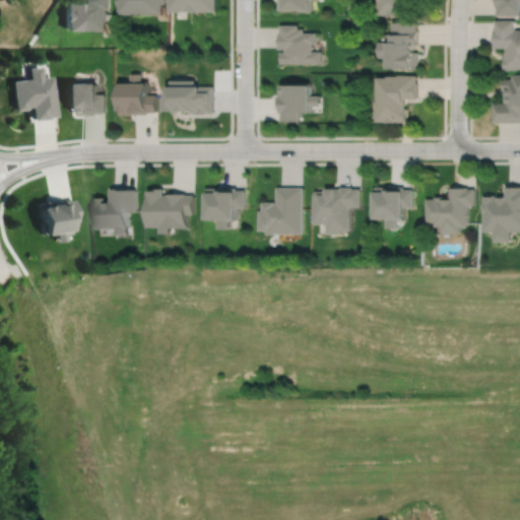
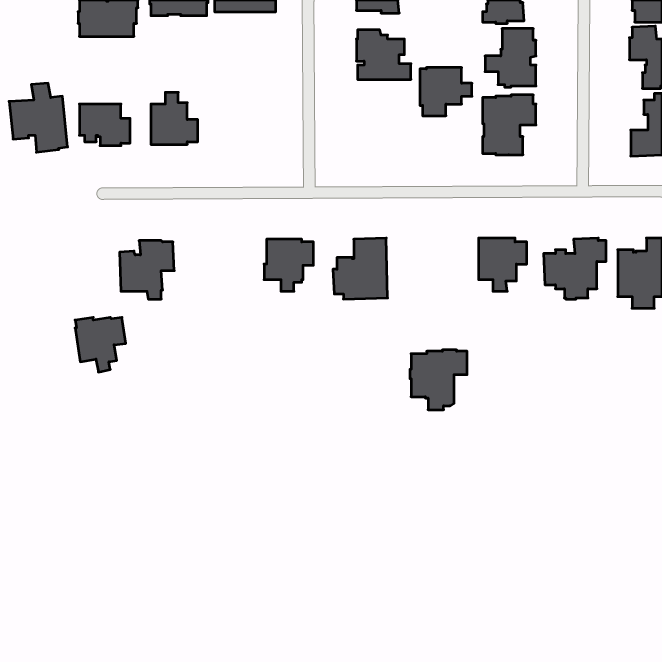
building: [167,80,212,115] -> none
building: [278,84,319,122] -> [420,68,472,116]
building: [314,189,359,236] -> [410,350,467,410]
building: [147,190,193,235] -> none
building: [34,201,73,244] -> [75,317,126,372]

